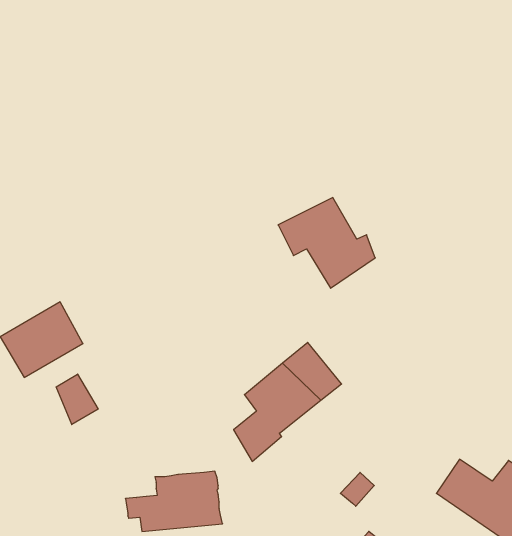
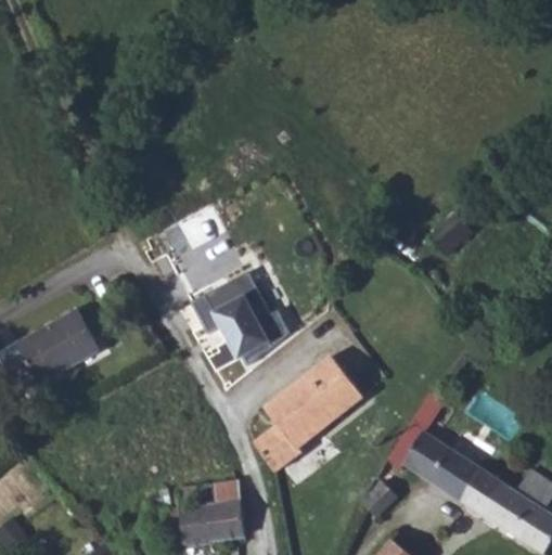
building: [278,198,375,288] -> [193,272,290,362]
building: [56,374,98,425] -> none
building: none -> [400,429,480,502]

